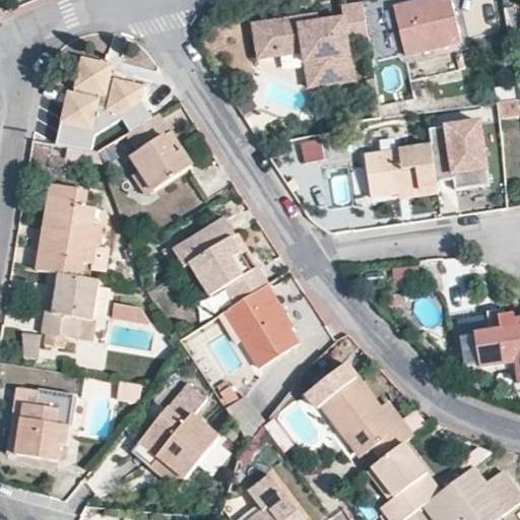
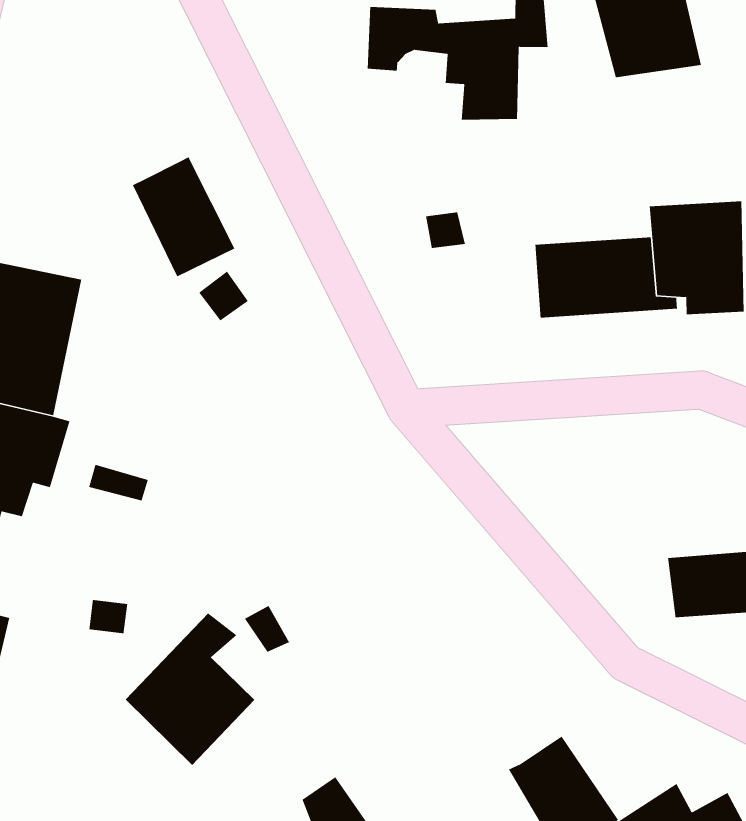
building: [59,59,152,150] -> none
building: [176,219,297,368] -> none
building: [304,364,411,461] -> none

